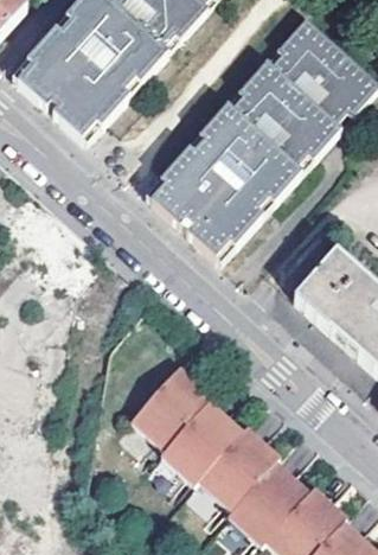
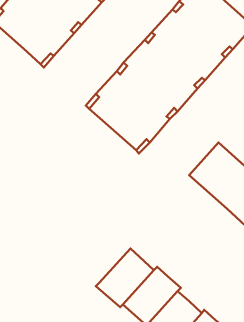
building: [130,364,212,447] -> none

